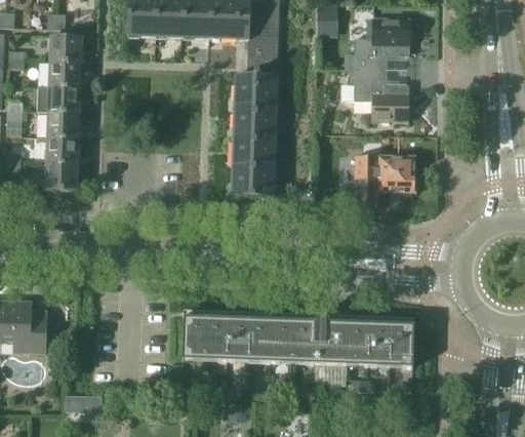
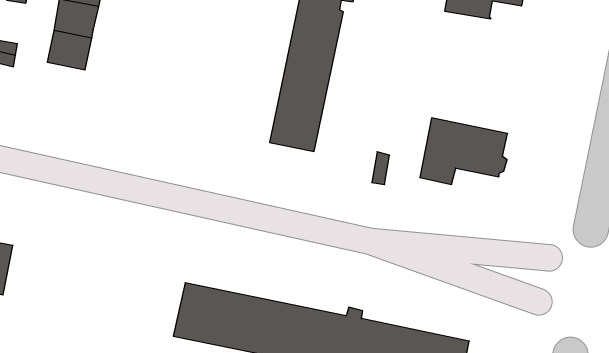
building: [340,69,409,120] -> none
building: [45,162,77,189] -> none

